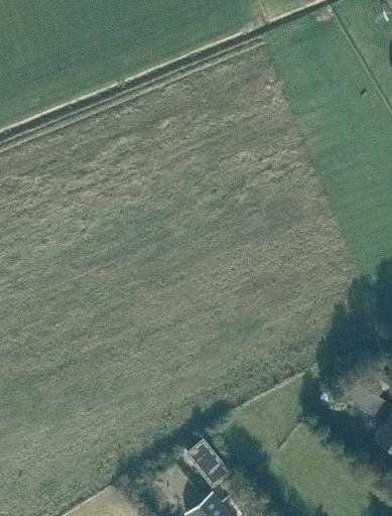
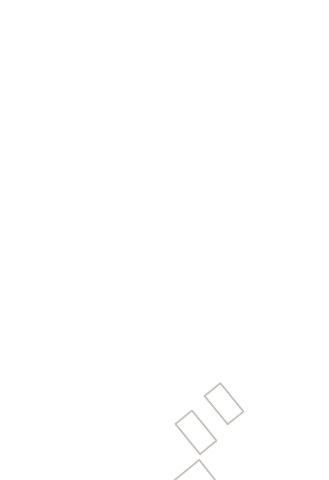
building: none -> [204,383,243,424]

